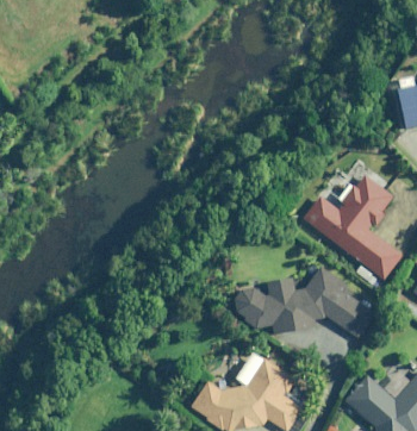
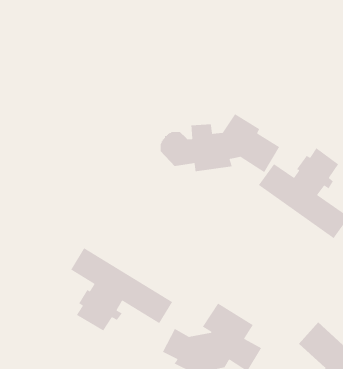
building: [236,267,372,335] -> [160,113,280,173]
building: none -> [70,247,173,332]

